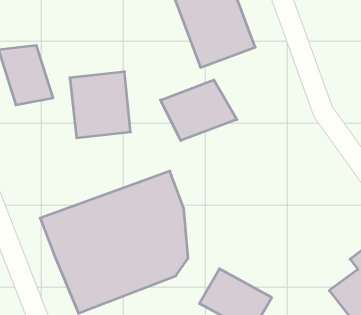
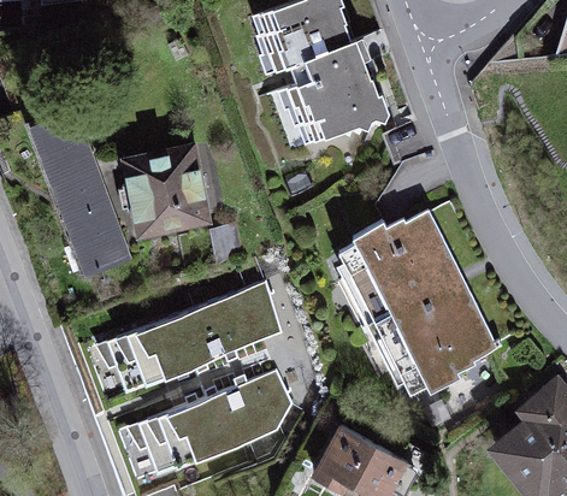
building: [160,80,237,141] -> none
building: none -> [53,187,128,272]
building: none -> [336,207,497,407]

